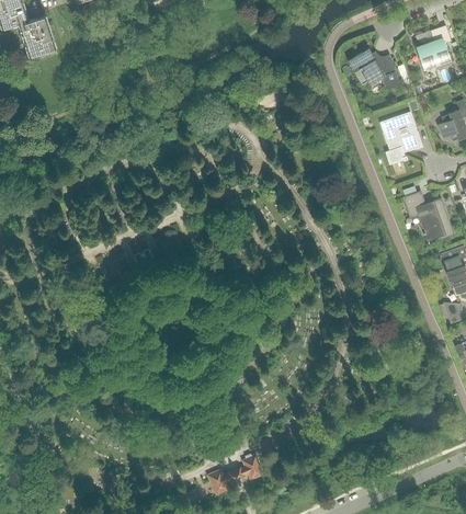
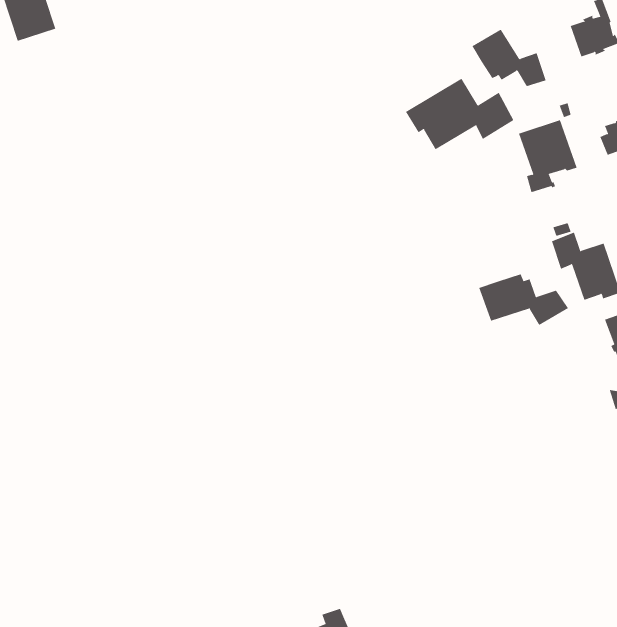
building: none -> [405,78,514,150]
building: none -> [478,274,569,326]

